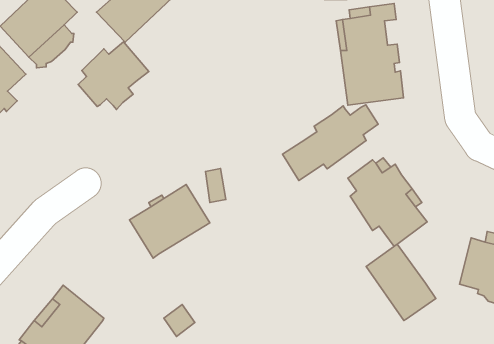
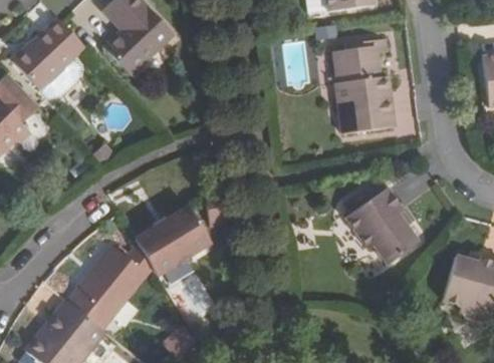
building: [78,42,149,109] -> none
building: [282,105,378,181] -> none
building: none -> [69,247,148,329]
building: [366,244,436,321] -> none

